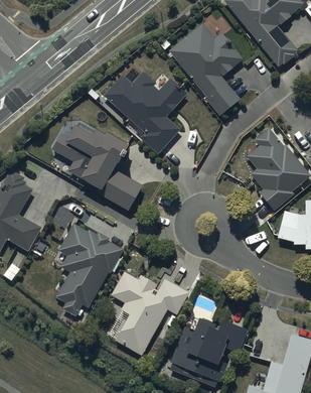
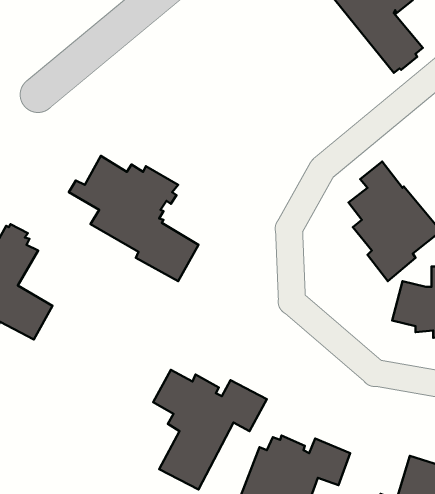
building: [170,23,243,116] -> none
building: [105,72,187,153] -> none
building: [57,223,124,315] -> none

